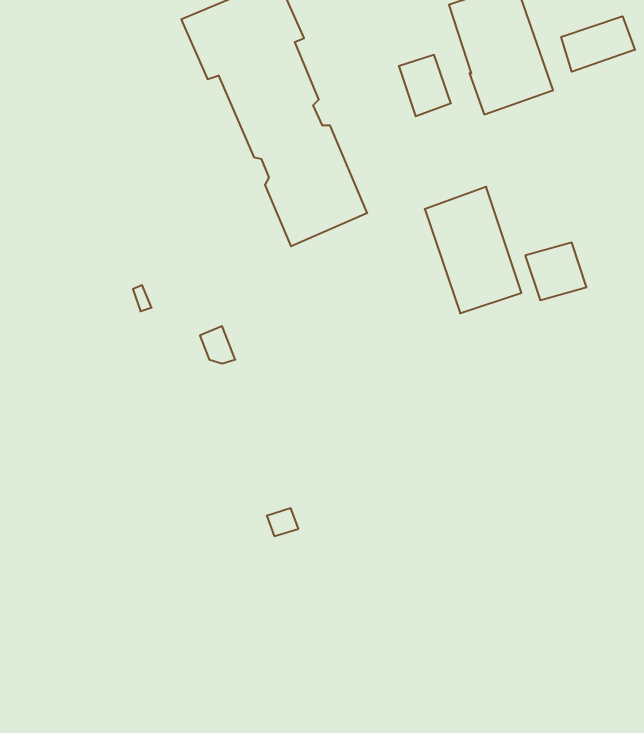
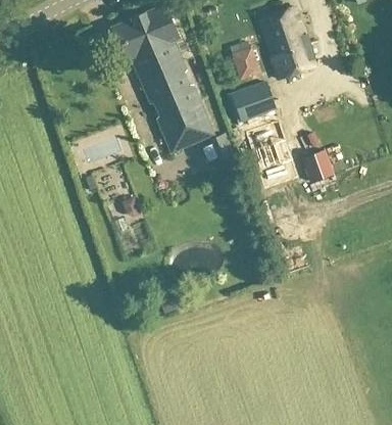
building: [561,16,635,72] -> none
building: none -> [229,80,277,122]

